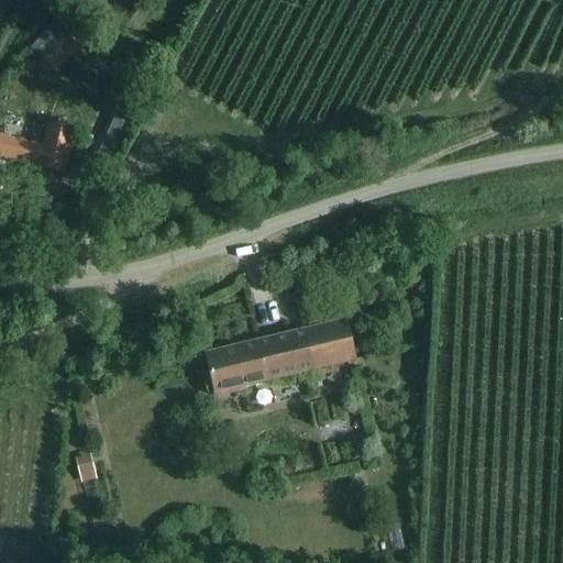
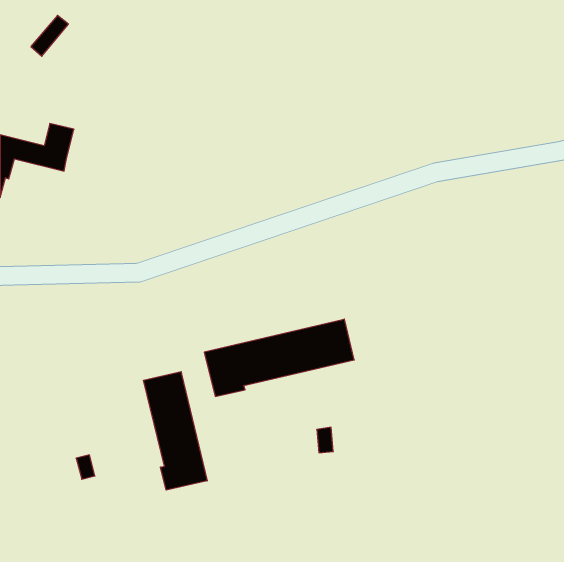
building: none -> [144,372,207,490]

